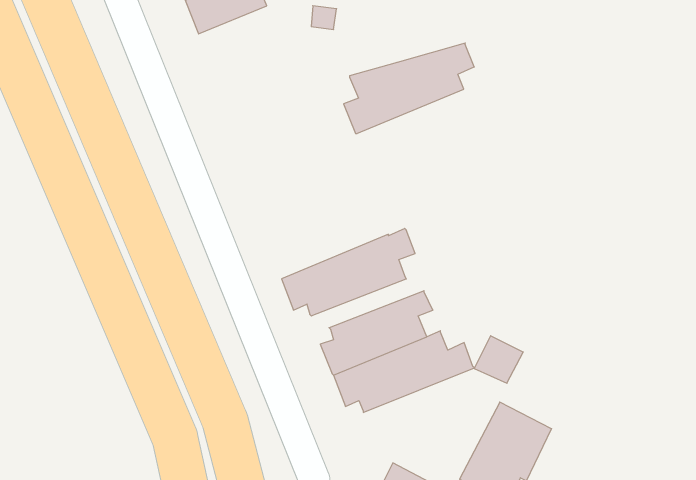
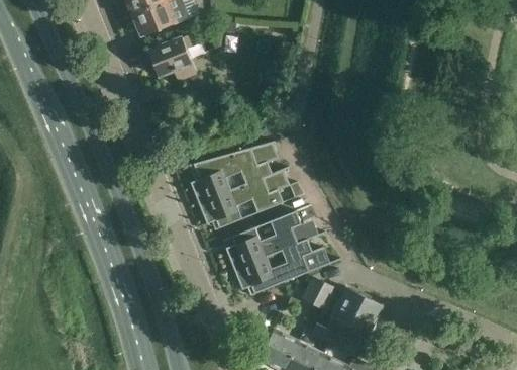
building: none -> [148,35,196,80]
building: [344,43,474,134] -> [190,142,279,203]
building: [474,336,523,383] -> [302,277,335,309]

